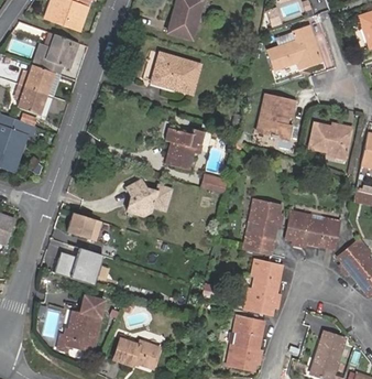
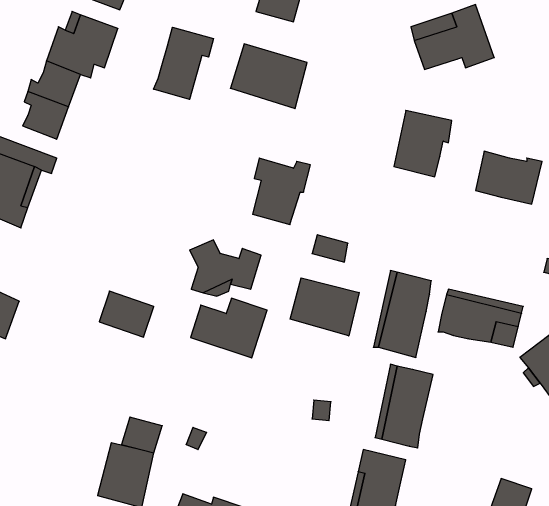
building: none -> [154,27,214,99]
building: none -> [290,278,359,336]
building: [53,248,102,286] -> [191,298,267,358]

